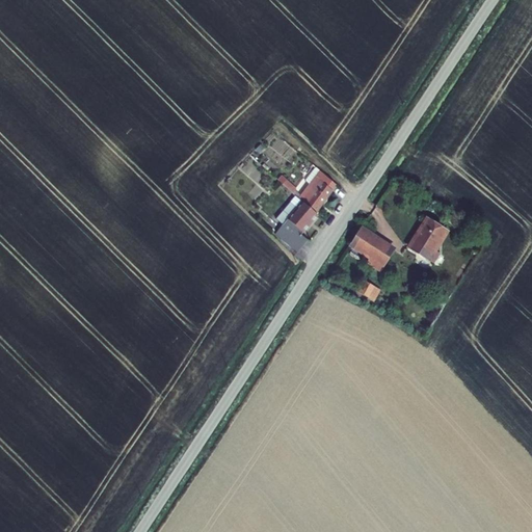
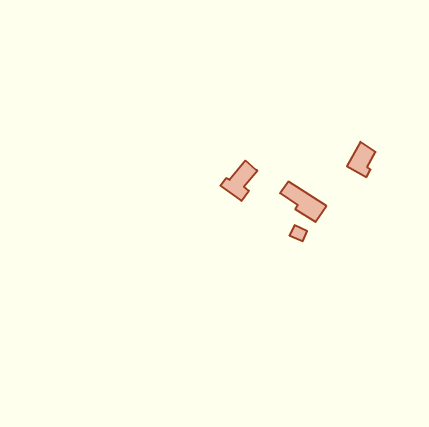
building: [293,168,335,210] -> none
building: [408,216,444,260] -> [347,142,376,177]

